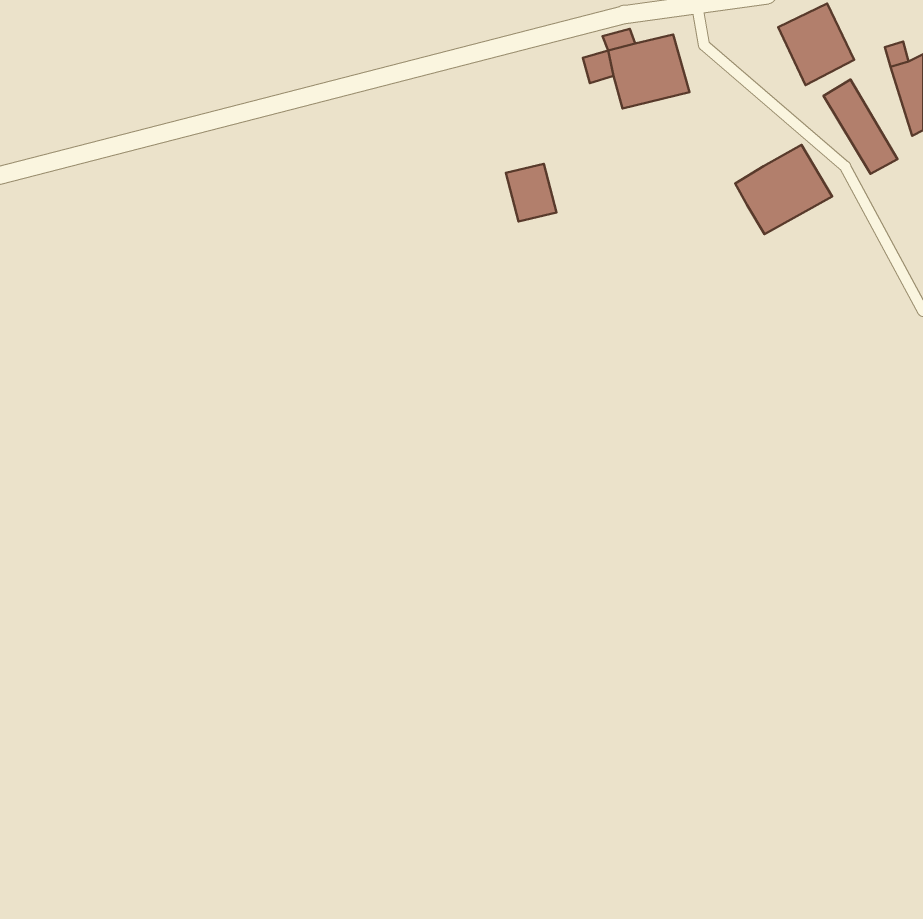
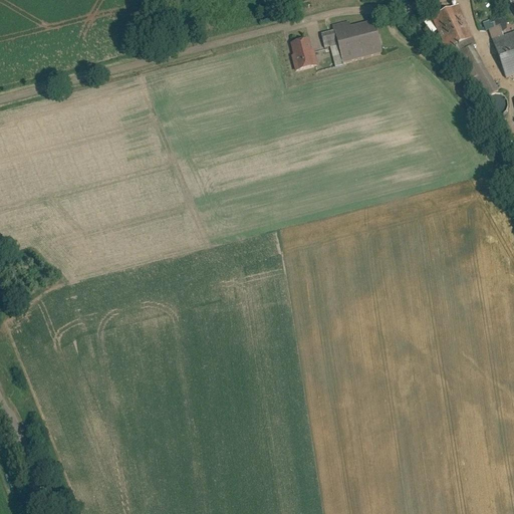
building: [735,145,832,234] -> none
building: [506,164,557,222] -> [289,36,317,68]

